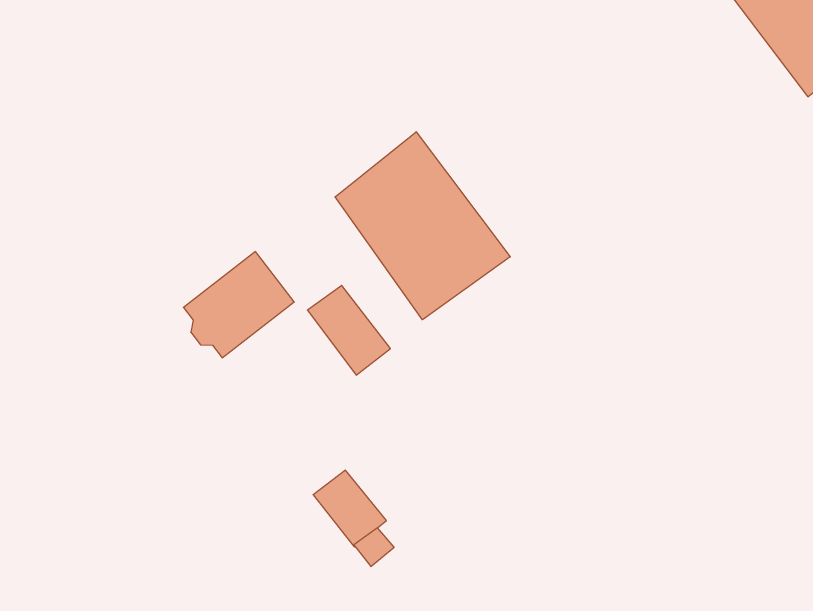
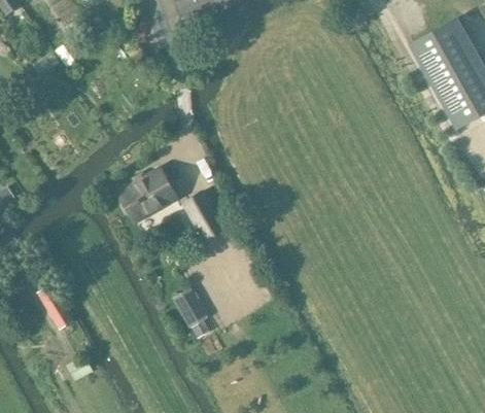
building: [335,132,510,320] -> none
building: none -> [36,285,72,331]

